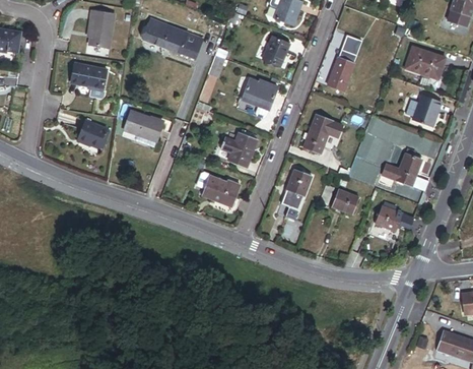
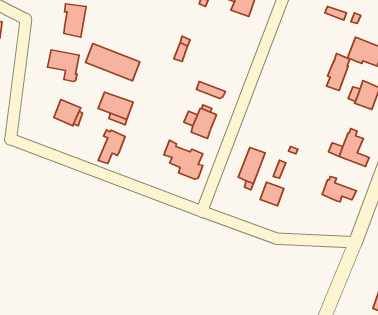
building: [140,15,201,57] -> [86,44,140,81]
building: [263,34,288,63] -> none
building: [331,51,357,93] -> [326,54,350,91]
building: [242,76,277,108] -> none
building: [302,116,342,156] -> none
building: none -> [98,130,125,163]
building: [334,188,360,214] -> [260,182,284,206]

